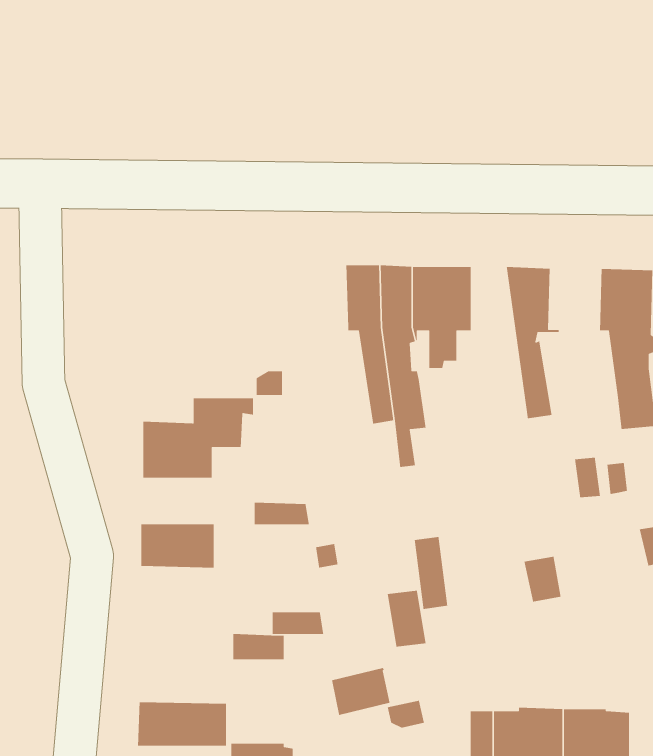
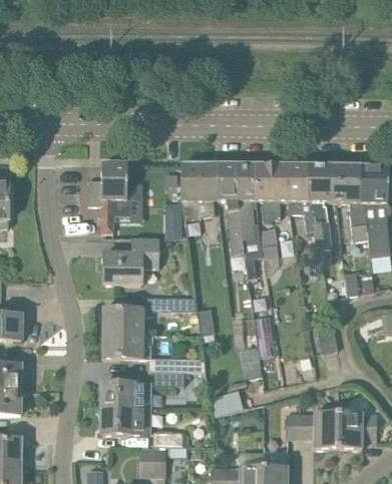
building: none -> [87,163,130,231]
building: none -> [180,164,218,218]
building: none -> [287,165,318,252]
building: none -> [330,166,368,240]
building: none -> [258,225,279,258]
building: none -> [102,333,150,358]
building: none -> [101,383,151,409]

